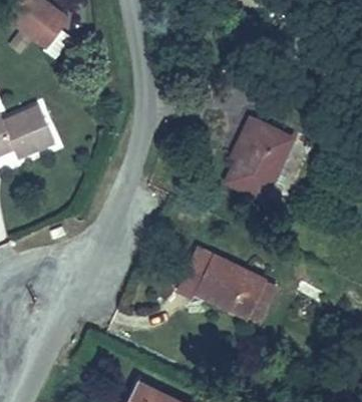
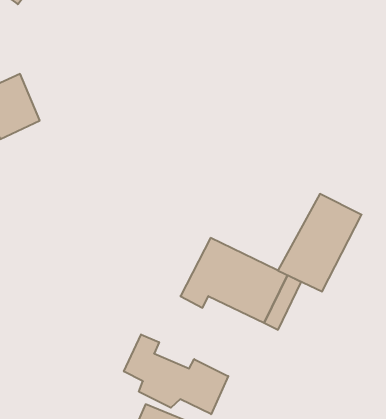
building: [220,110,292,194] -> [278,194,362,292]
building: none -> [124,334,228,414]

